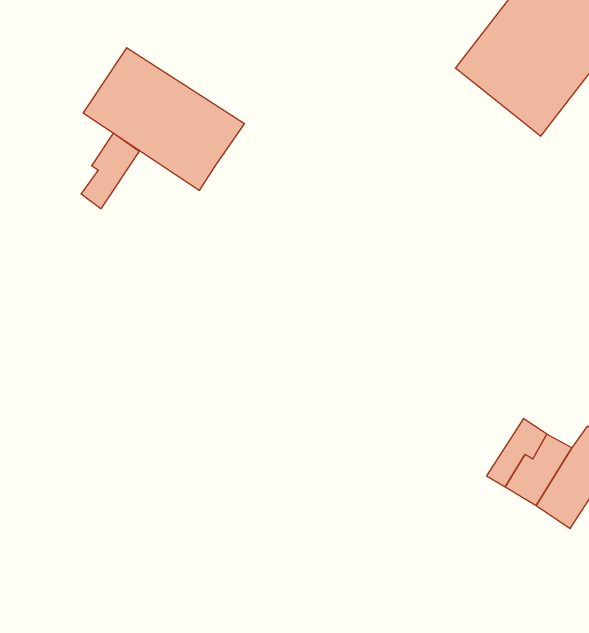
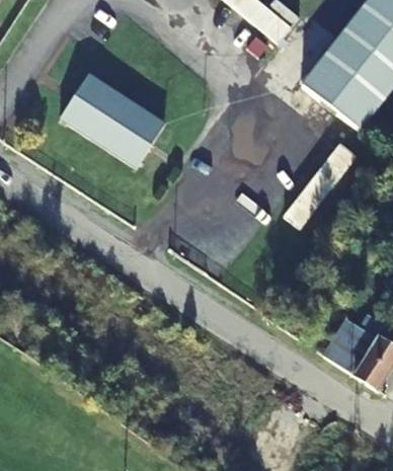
building: [81,133,139,209] -> none
building: none -> [281,142,357,228]

